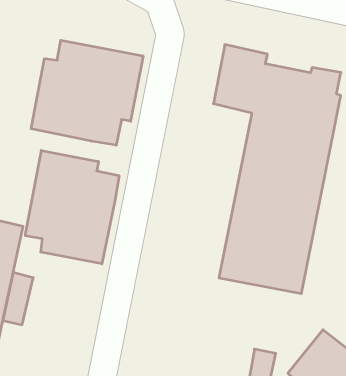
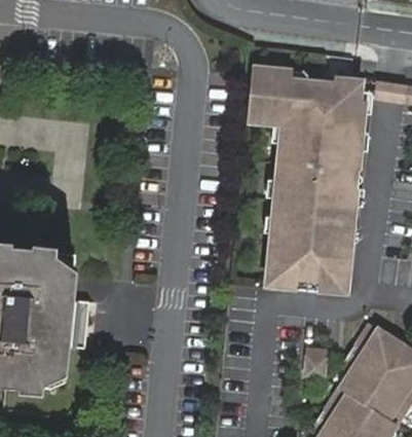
building: [31,40,143,145] -> none
building: [25,150,119,264] -> none

